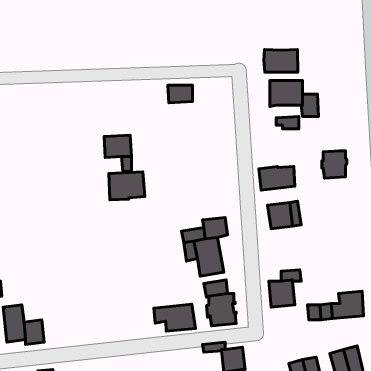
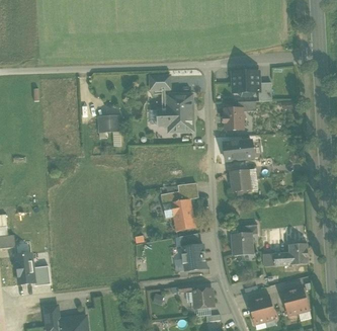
building: [264,49,298,72] -> none
building: none -> [158,94,193,131]
building: [322,151,347,178] -> [224,107,244,130]
building: [109,172,145,200] -> none
building: [154,304,195,331] -> none

